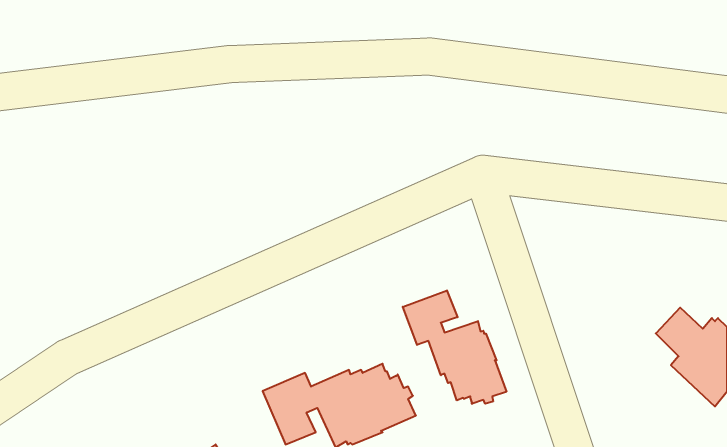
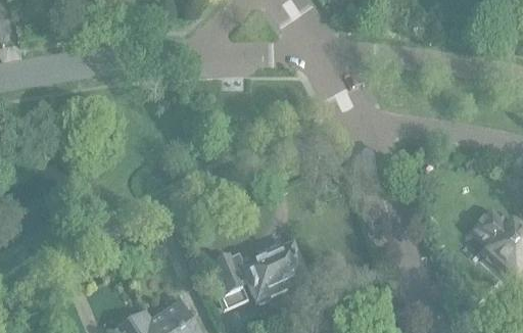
building: [403,290,506,404] -> none

